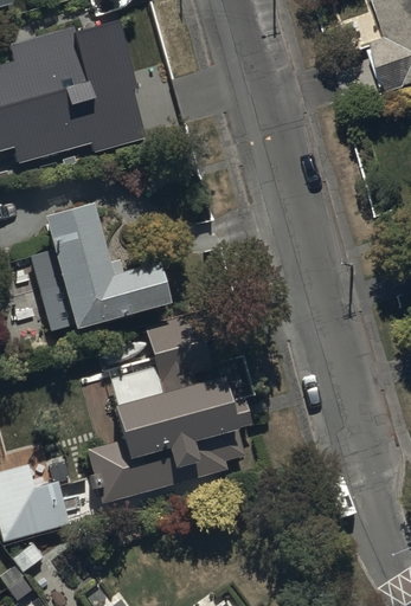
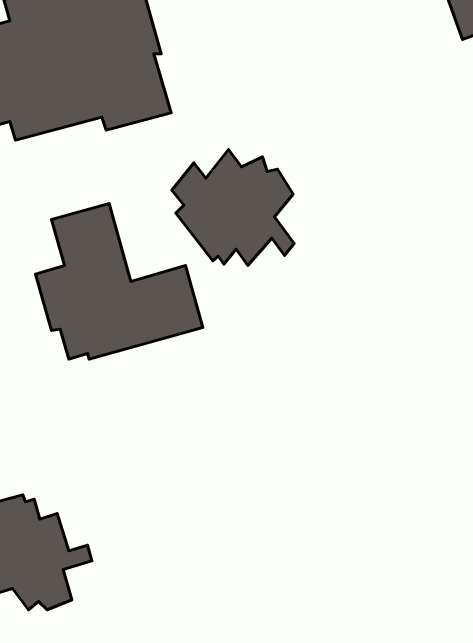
building: none -> [172,150,294,266]
building: [84,325,264,491] -> none

